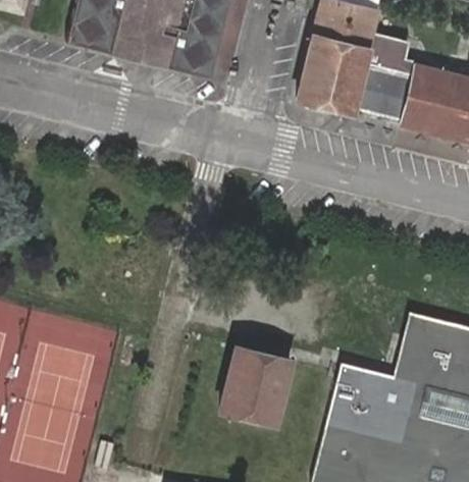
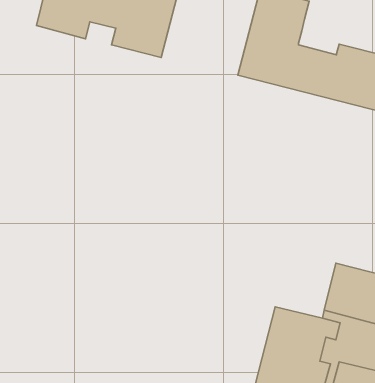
building: [369,35,416,75] -> none
building: [222,347,293,423] -> none

